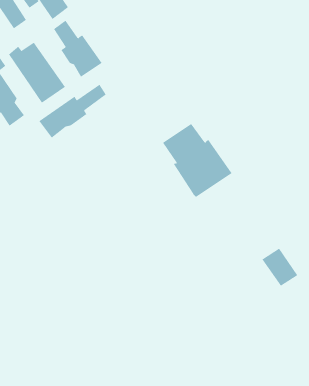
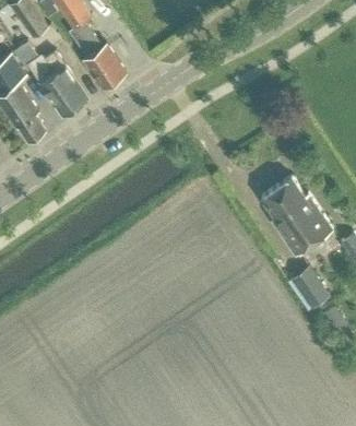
building: [38,84,107,139] -> none
building: [162,123,232,197] -> [262,177,335,255]

